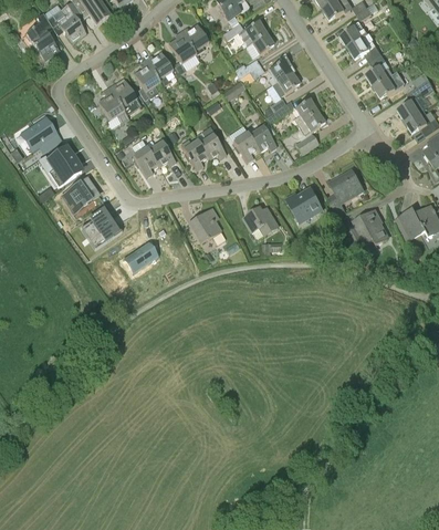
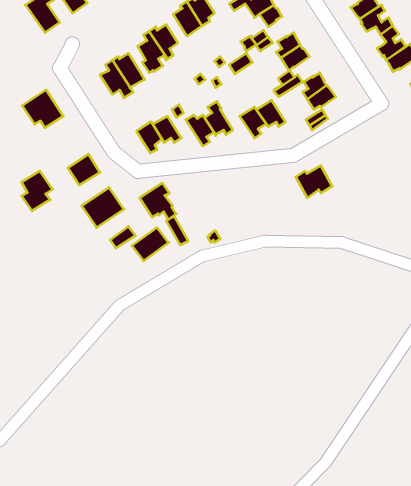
building: [46,144,76,183] -> [22,171,53,211]
building: [328,169,364,216] -> none
building: [243,207,279,233] -> none
building: [189,208,224,243] -> [140,183,176,220]
building: [345,209,388,249] -> none

